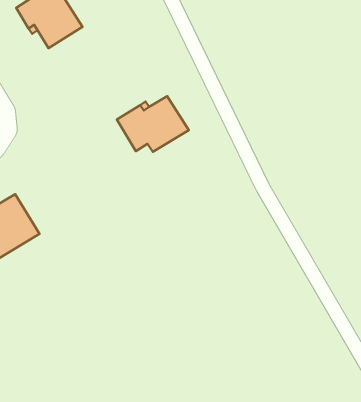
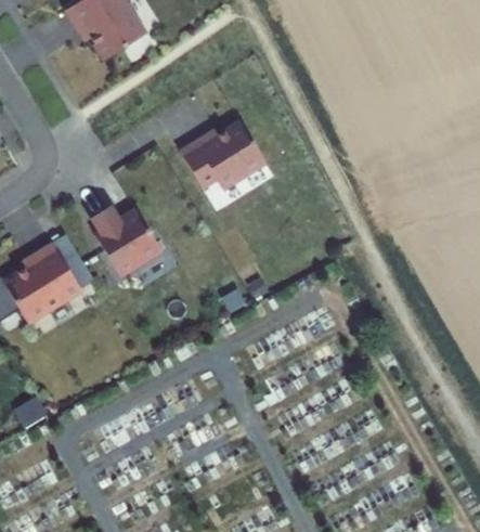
building: none -> [92,206,163,275]

